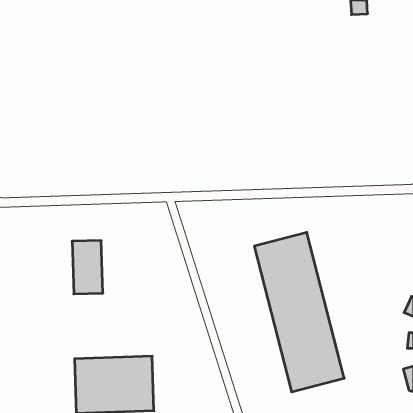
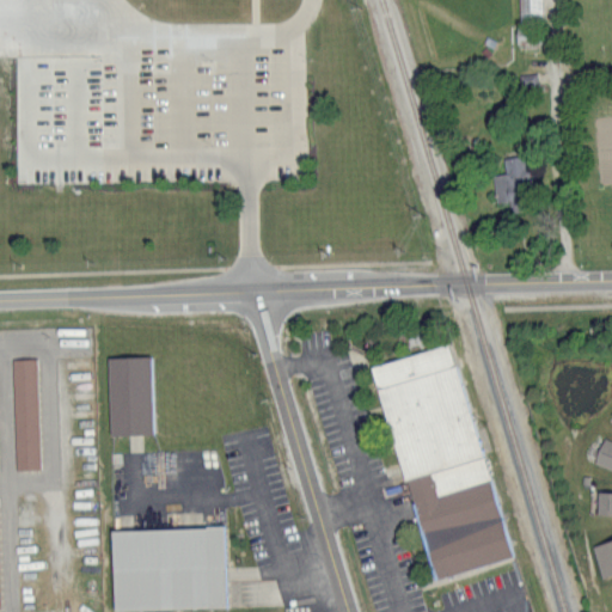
building: none -> [492,155,531,213]
building: none -> [13,359,39,470]

